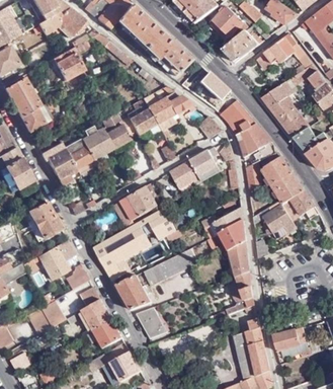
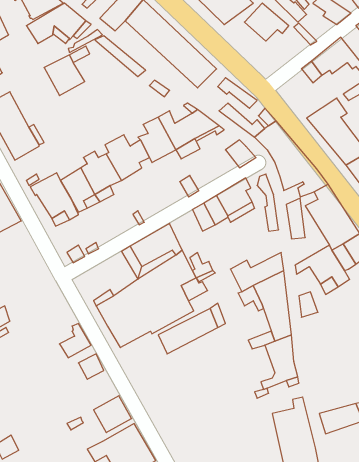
building: [222,29,259,63] -> none
building: [27,202,62,239] -> none
building: [22,239,76,282] -> none
building: [118,276,151,310] -> none
building: [27,300,65,334] -> none
building: [81,300,112,331] -> none
building: [137,308,167,339] -> none

